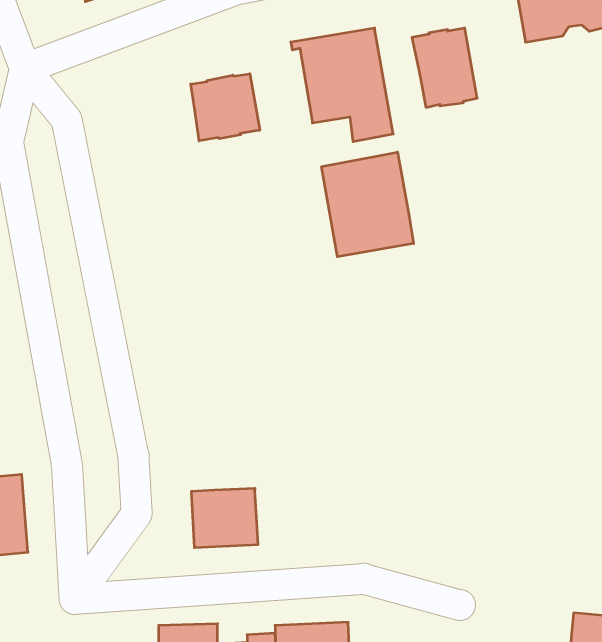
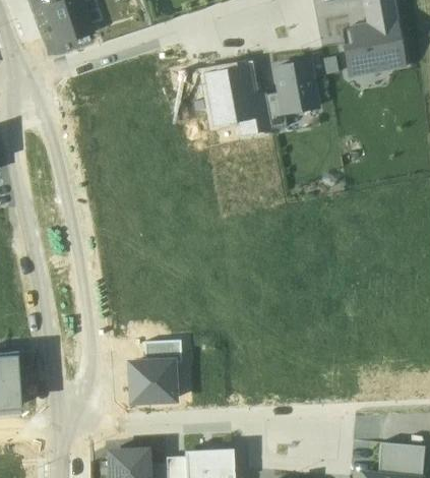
building: [191,74,260,141] -> none
building: none -> [264,92,287,129]
building: [322,152,414,257] -> none
building: none -> [144,340,182,363]

